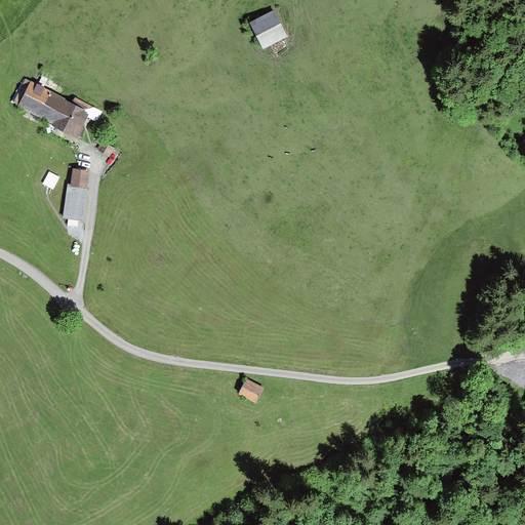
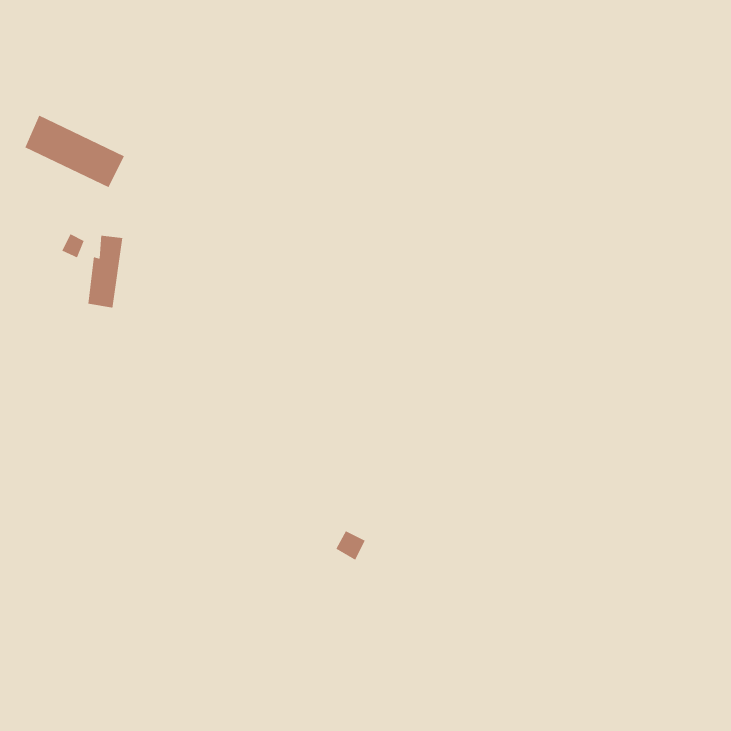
building: [252,13,283,44] -> none

